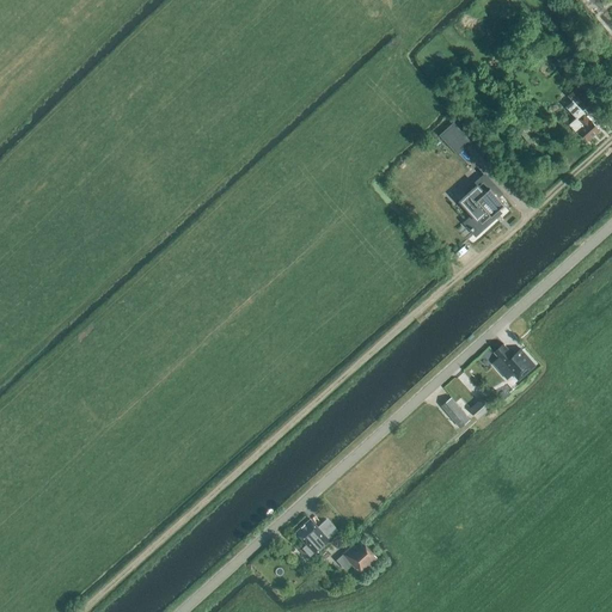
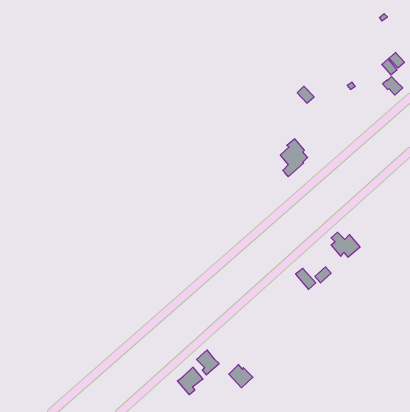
building: [461,177,502,233] -> [280,139,308,177]
building: none -> [177,367,203,395]

